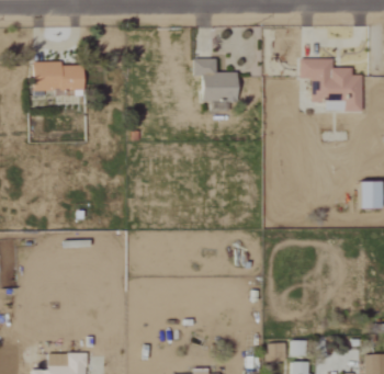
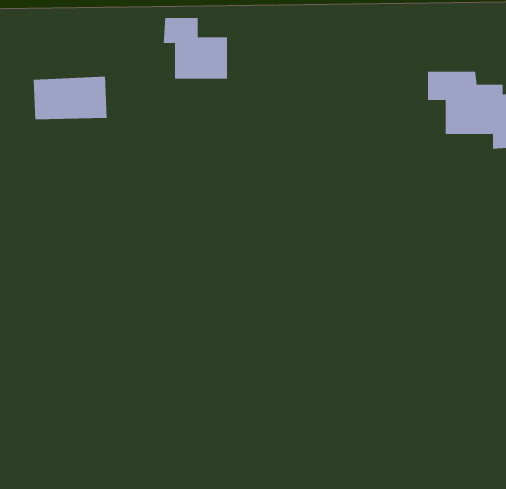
building: [193,59,237,101] -> [163,18,228,79]

